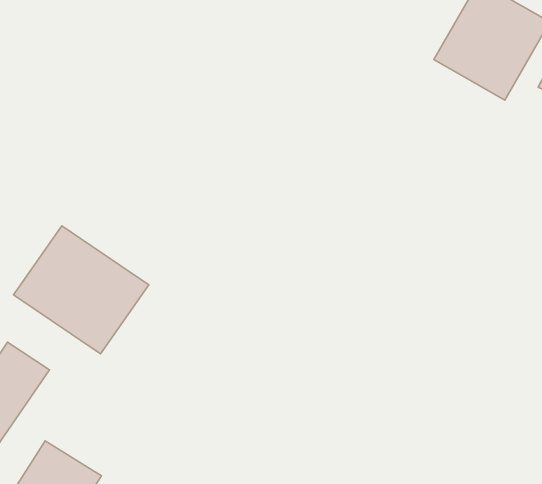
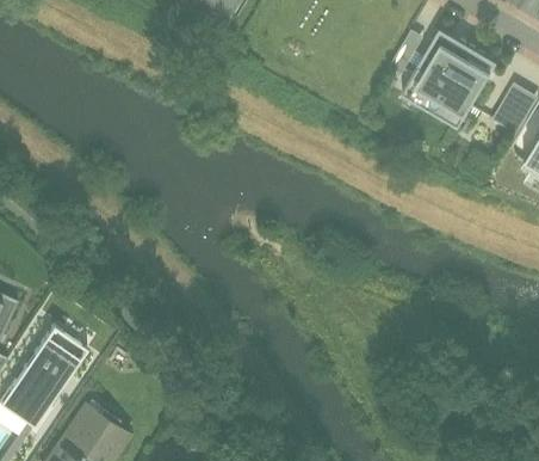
building: [13,226,149,354] -> none

